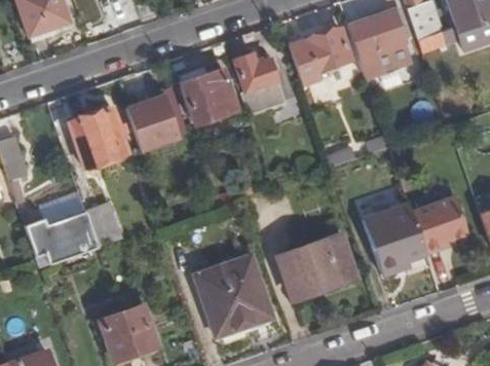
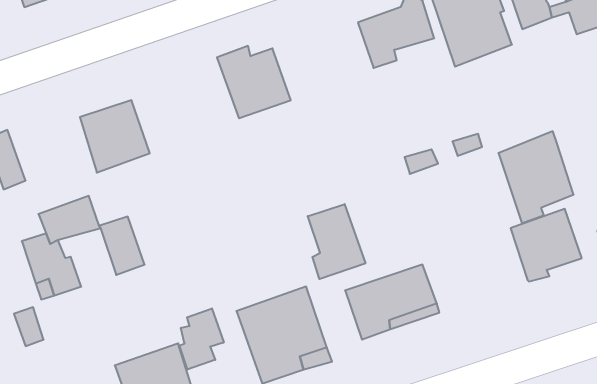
building: [237,54,285,113] -> none
building: [126,90,182,152] -> none
building: none -> [308,204,365,279]
building: [367,202,426,274] -> [498,131,574,223]
building: [53,211,100,257] -> none
building: none -> [180,308,224,370]

